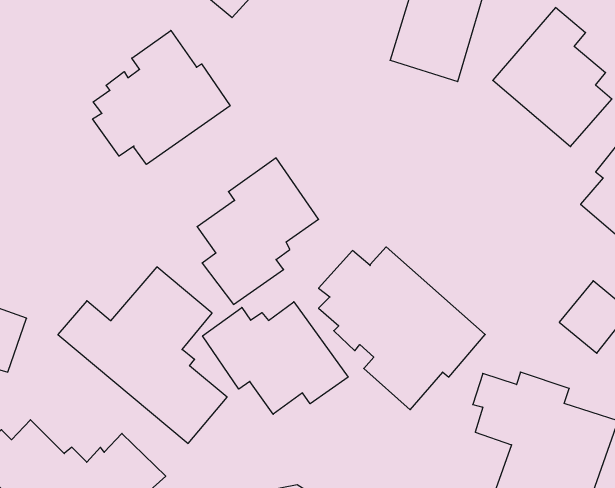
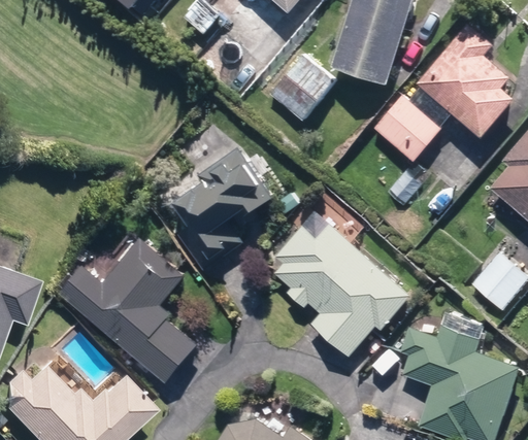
building: [93,30,230,164] -> none
building: none -> [270,54,335,121]
building: none -> [373,96,441,163]
building: [203,302,348,414] -> none

